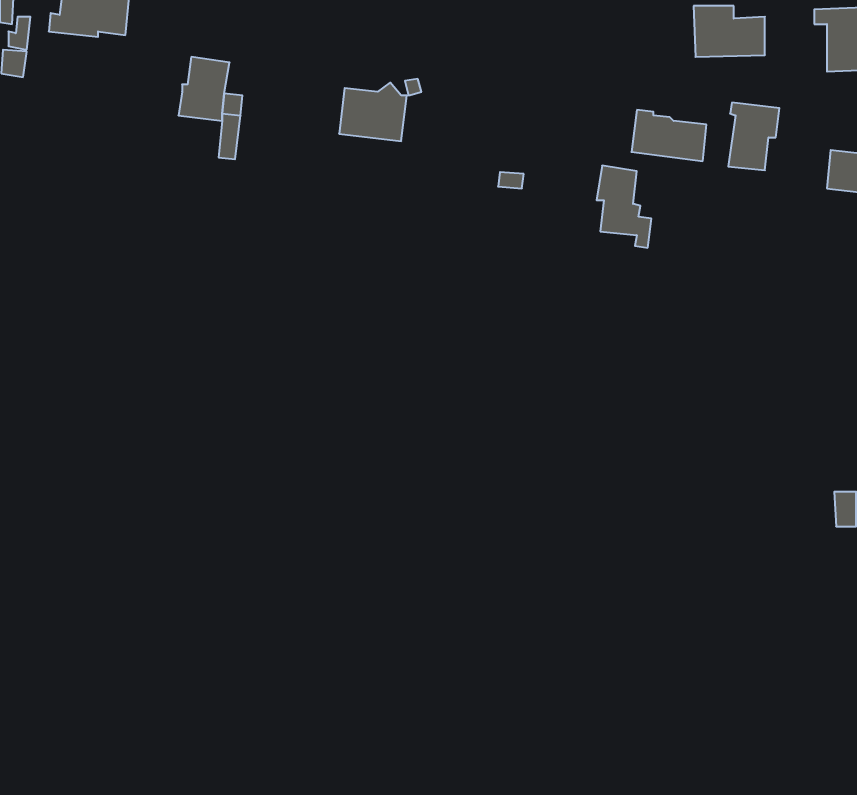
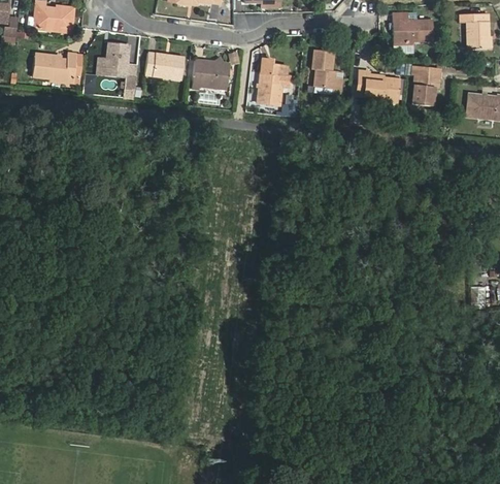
building: none -> [32,52,81,80]
building: none -> [145,52,185,79]
building: none -> [258,58,289,104]
building: [597,166,651,248] -> [311,50,342,96]

